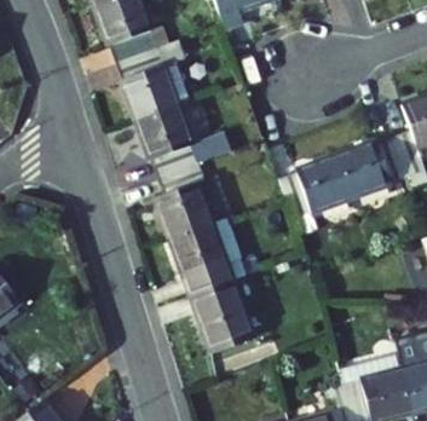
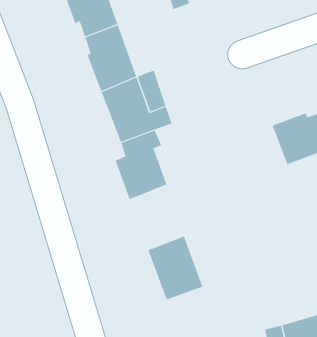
building: [281,158,351,223] -> none
building: [175,218,248,295] -> none

